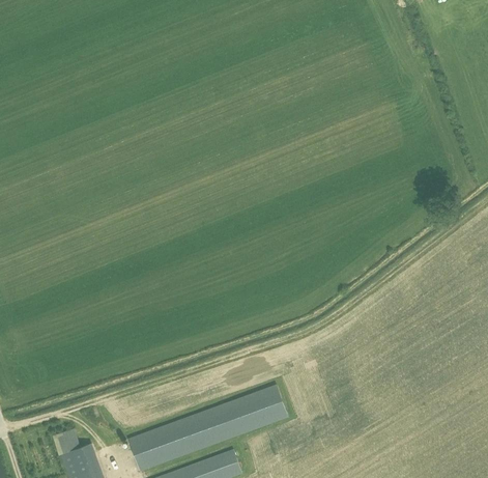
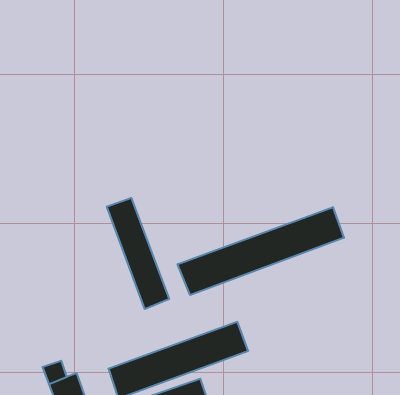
building: none -> [107,198,169,309]
building: none -> [178,207,344,295]

